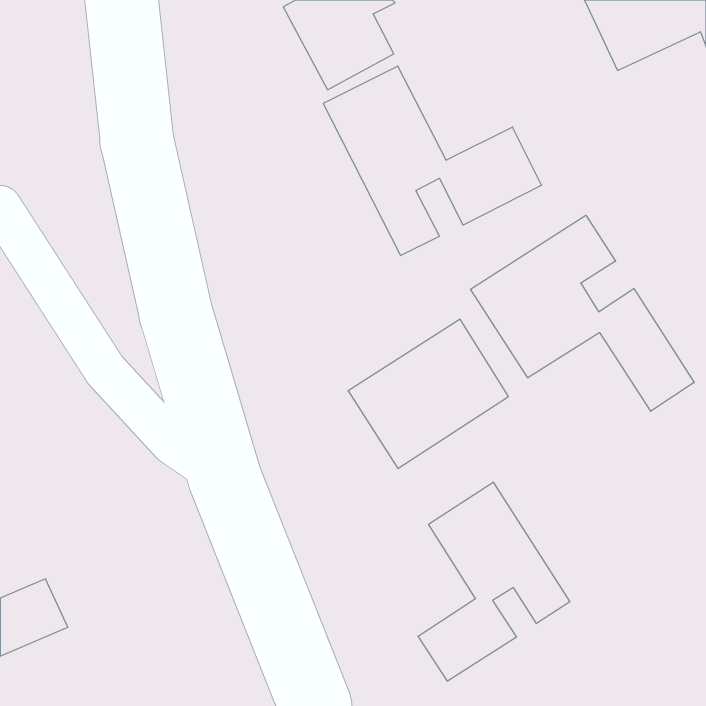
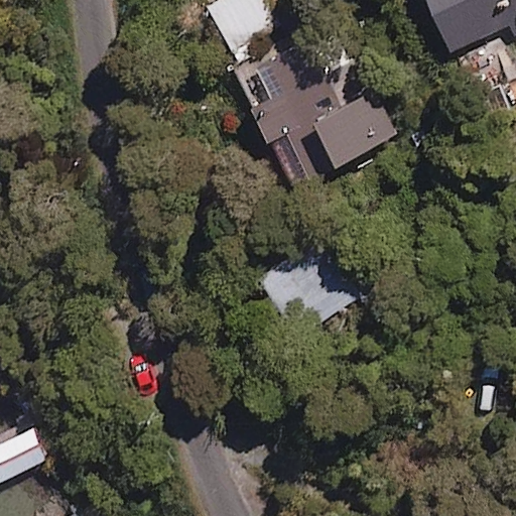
building: [470,215,694,411] -> none
building: [418,482,570,681] -> none

